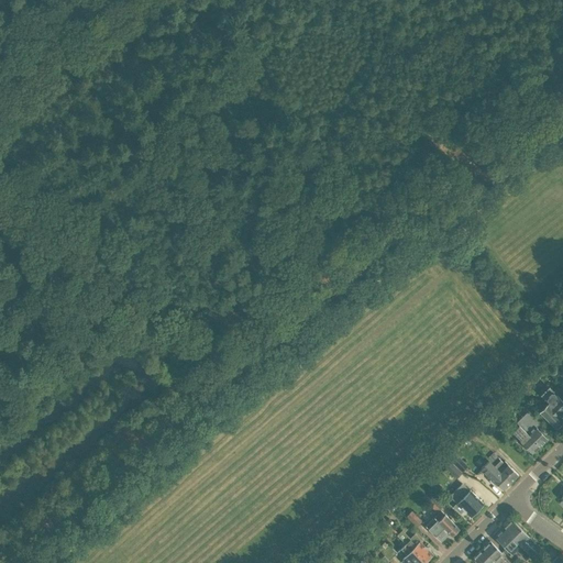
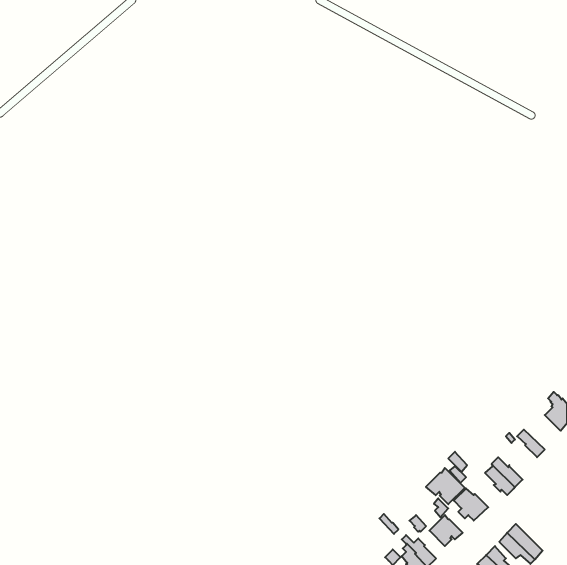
building: [517,413,550,448] -> none
building: none -> [426,468,465,504]

